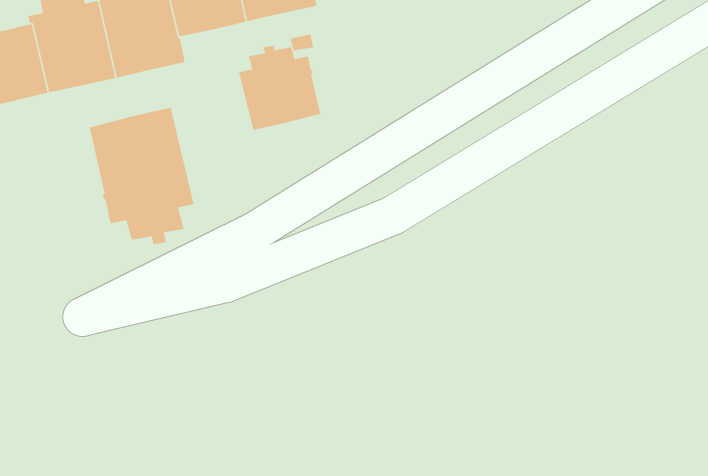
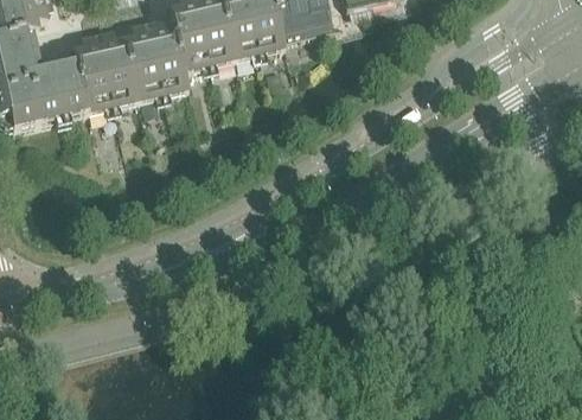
building: [238,45,321,131] -> none
building: [89,107,195,245] -> none

